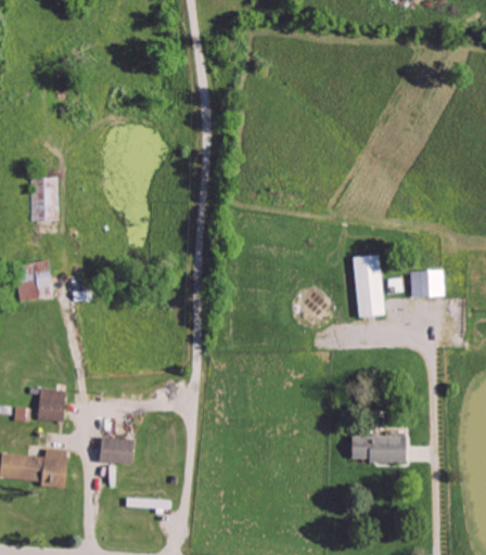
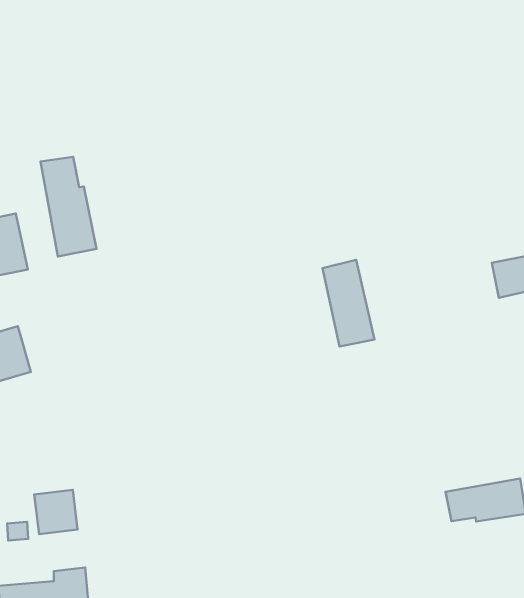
building: none -> [40,157,96,256]
building: [353,254,383,317] -> [323,260,375,347]
building: [99,438,130,464] -> none

